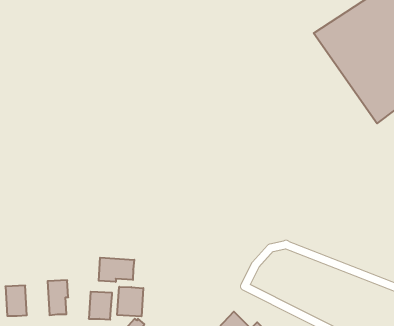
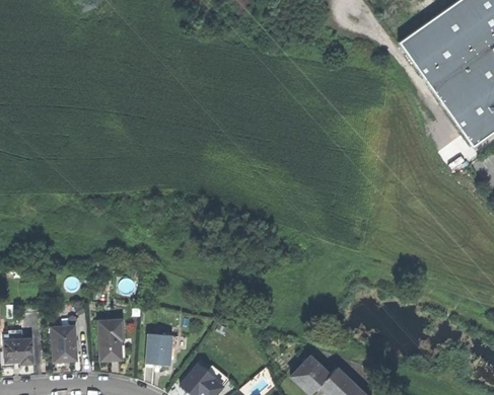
building: [99,258,134,282] -> none
building: [117,287,143,316] -> none

